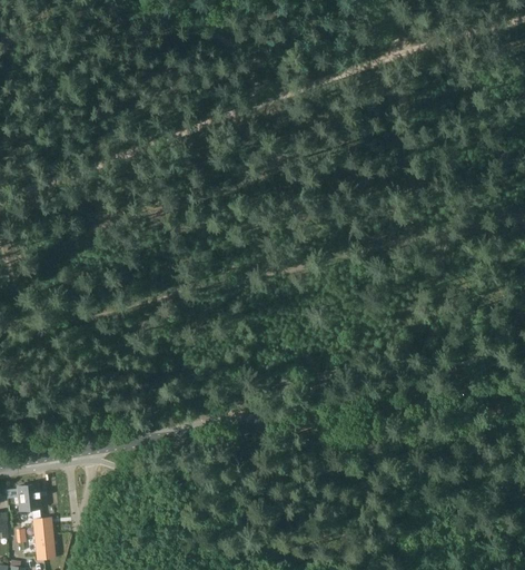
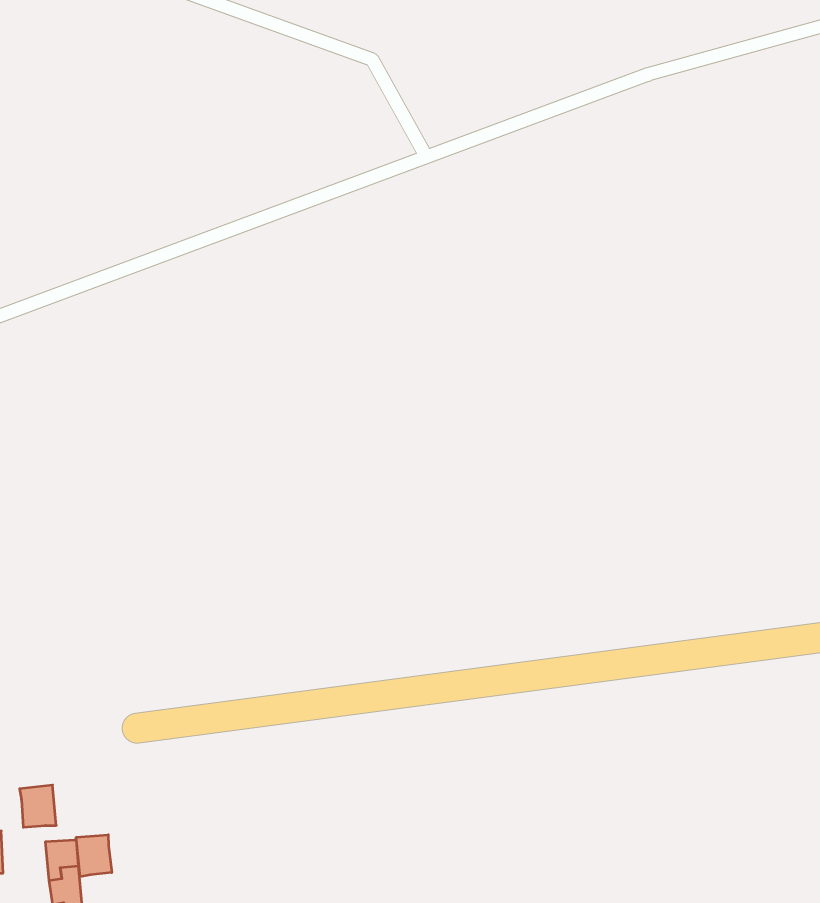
building: none -> [76,835,112,877]

